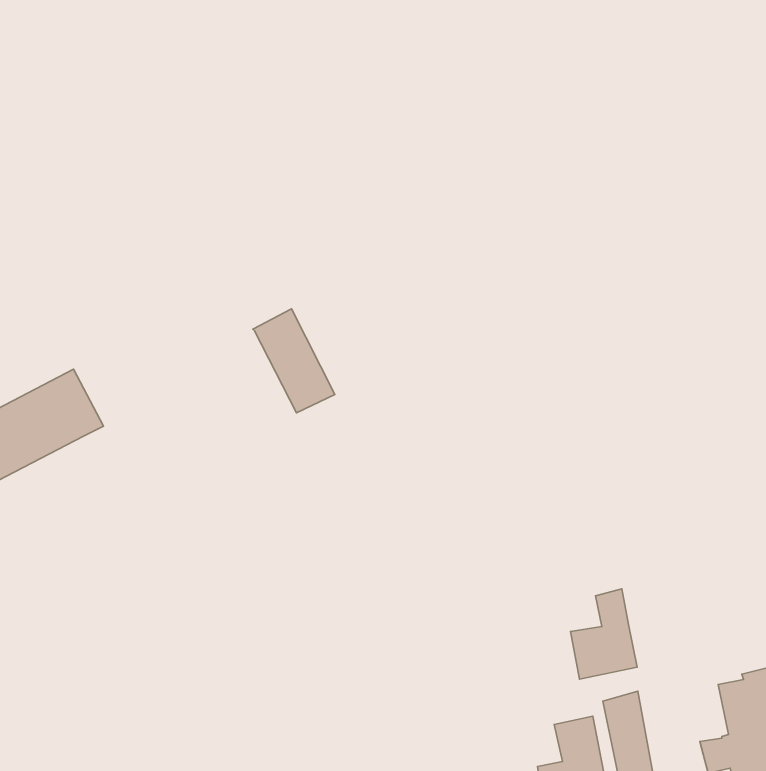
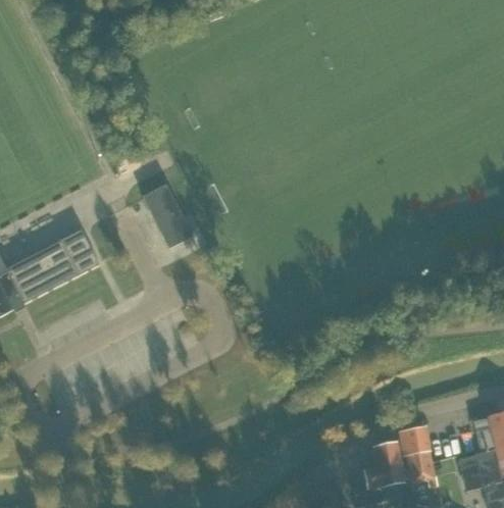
building: [253,309,335,413] -> [142,185,192,248]
building: [570,589,637,679] -> none

